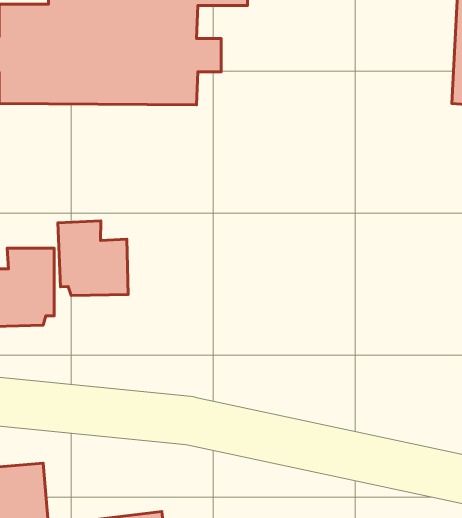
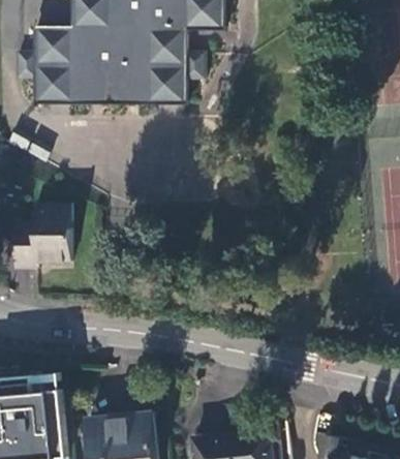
building: [58,221,128,296] -> none

